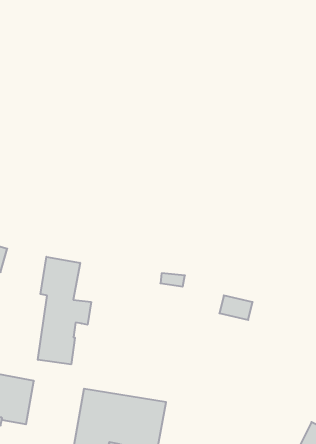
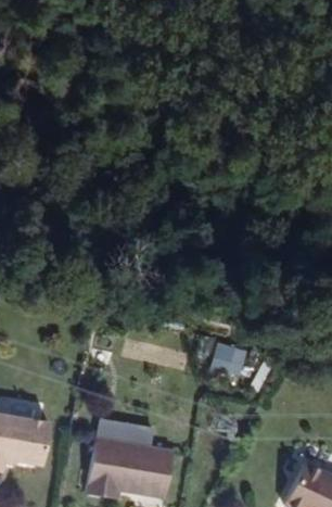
building: [38,257,91,364] -> none

